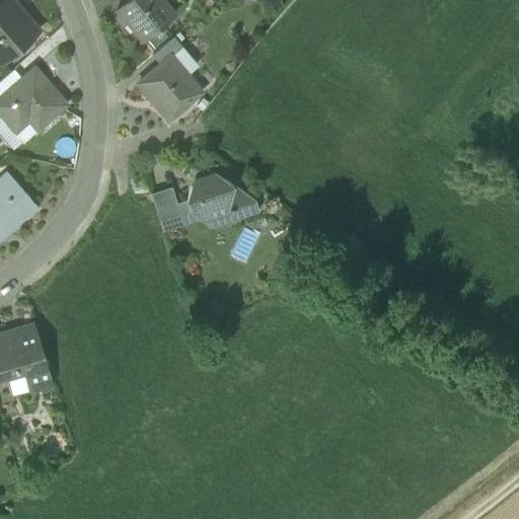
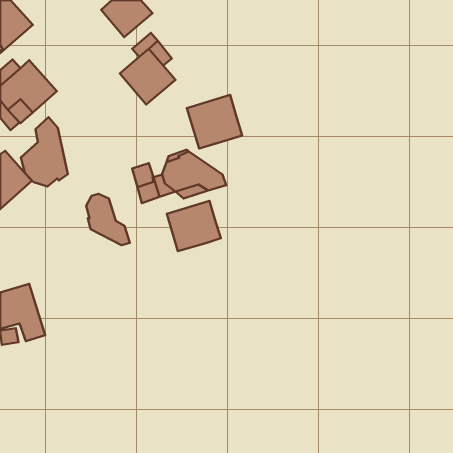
building: none -> [187,95,242,149]
building: none -> [21,117,68,186]
building: none -> [86,194,130,245]
building: none -> [167,201,221,251]

